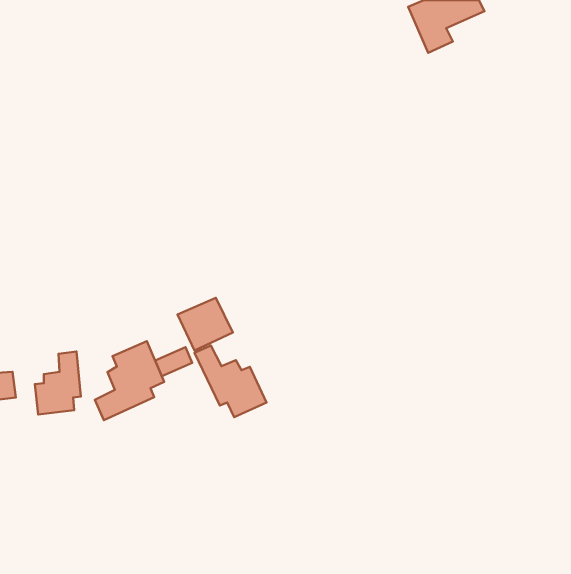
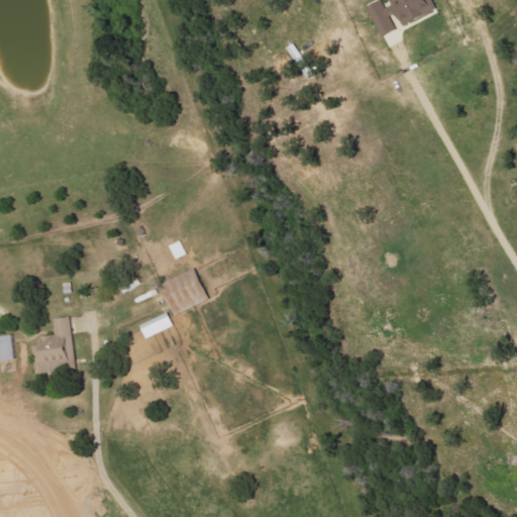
building: [95,341,164,420] -> none
building: [195,346,267,417] -> none

